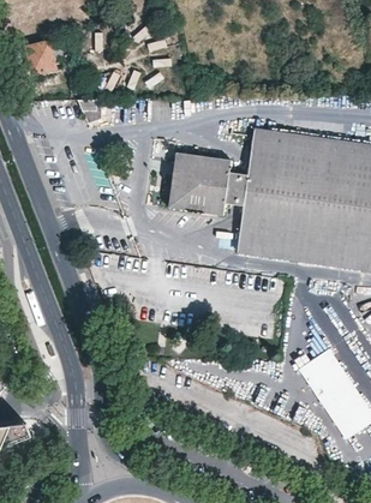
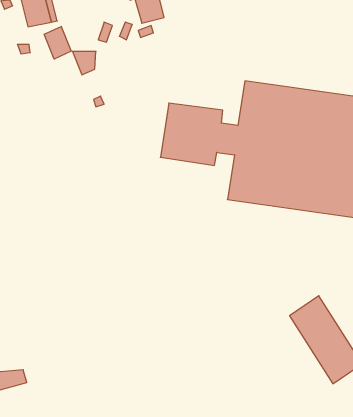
building: none -> [44,26,71,59]

